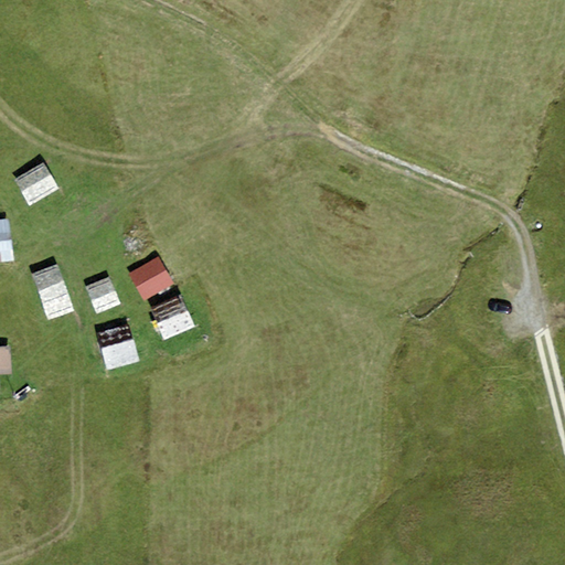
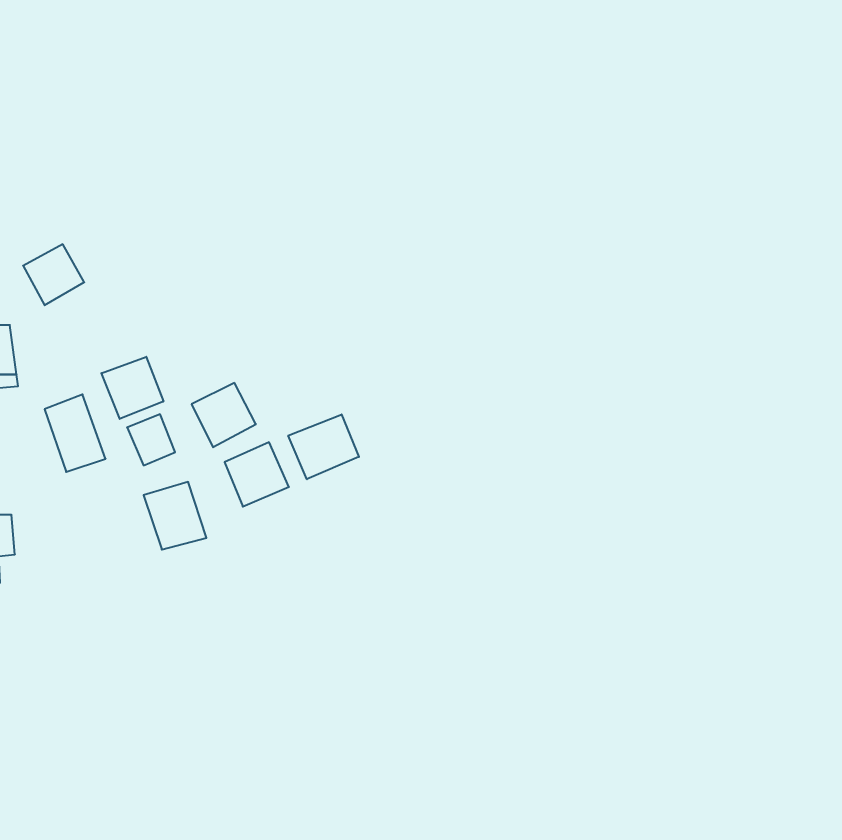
building: none -> [101,357,163,419]
building: none -> [288,414,359,479]

